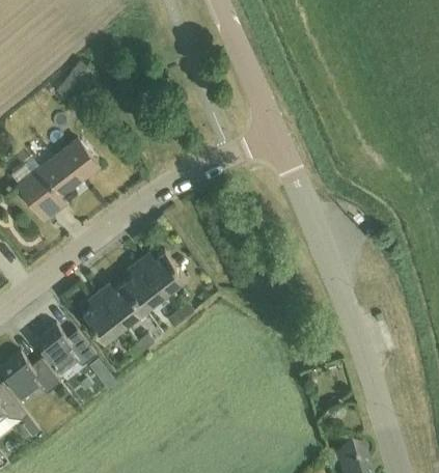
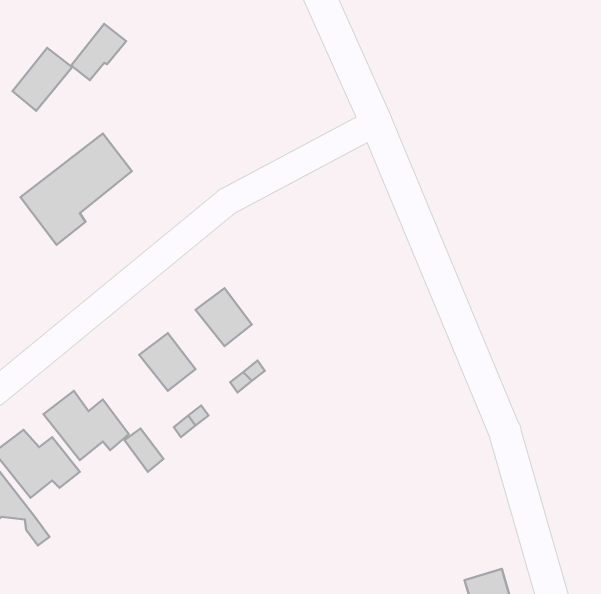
building: none -> [13,48,72,111]
building: [124,266,164,308] -> none
building: [82,298,124,340] -> none

